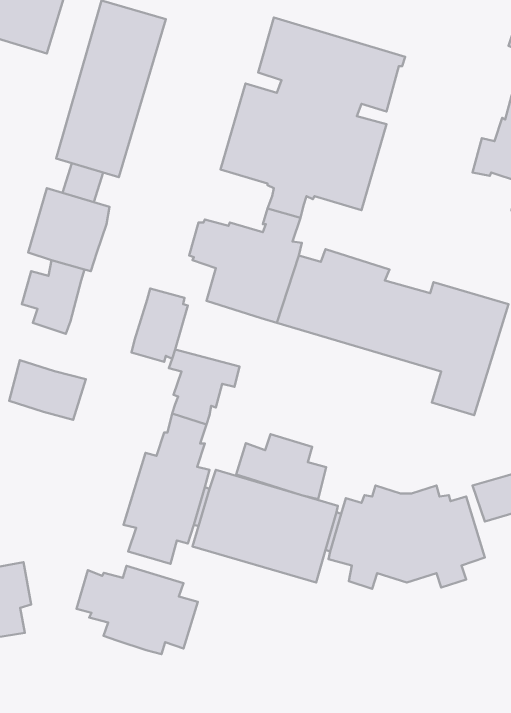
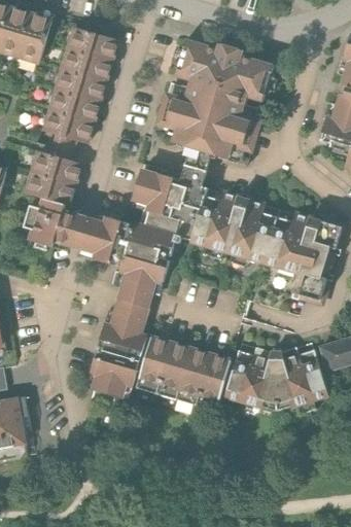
building: none -> [124,221,180,268]
building: [9,360,86,420] -> [55,211,105,250]
building: [236,434,326,499] -> none
building: [76,566,198,654] -> none

